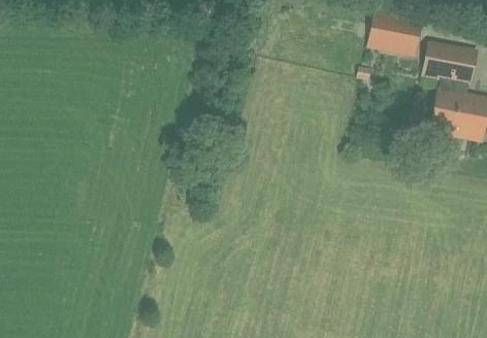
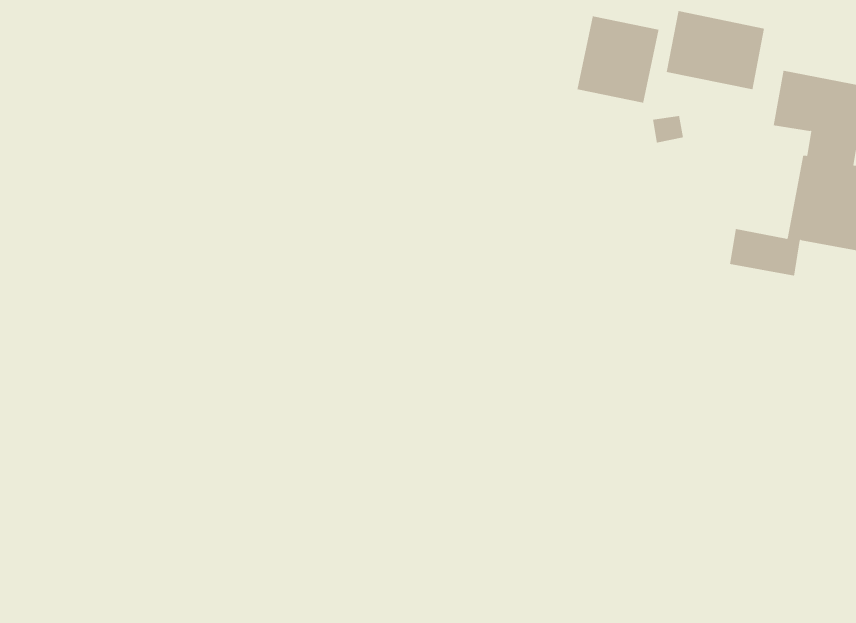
building: none -> [577,15,659,104]

